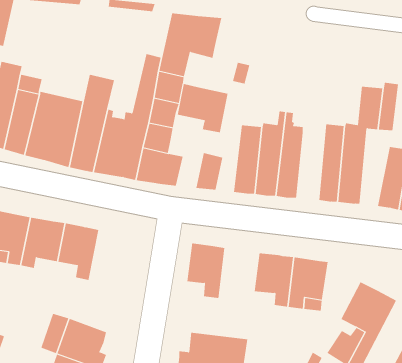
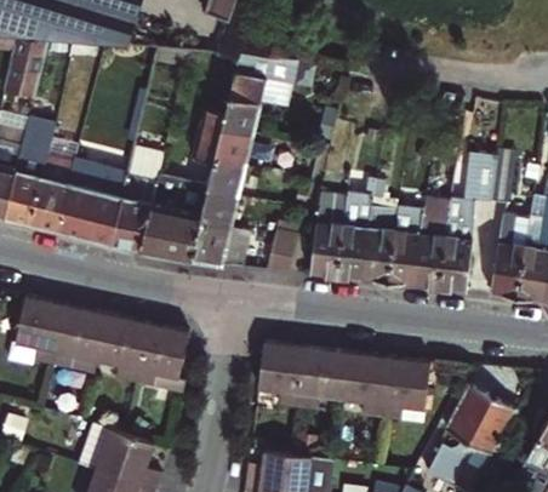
building: [177,83,228,133] -> none
building: none -> [390,205,424,287]
building: none -> [137,324,190,393]
building: none -> [296,345,344,408]

